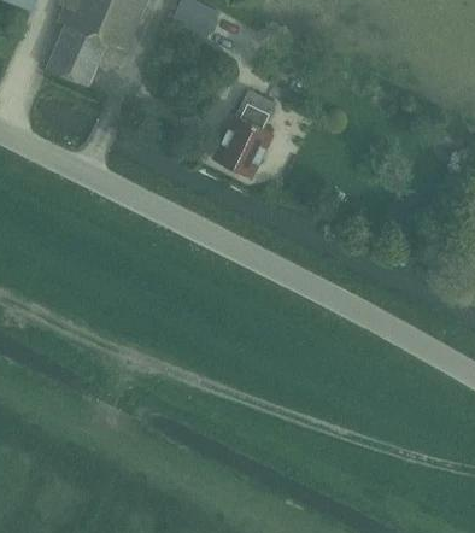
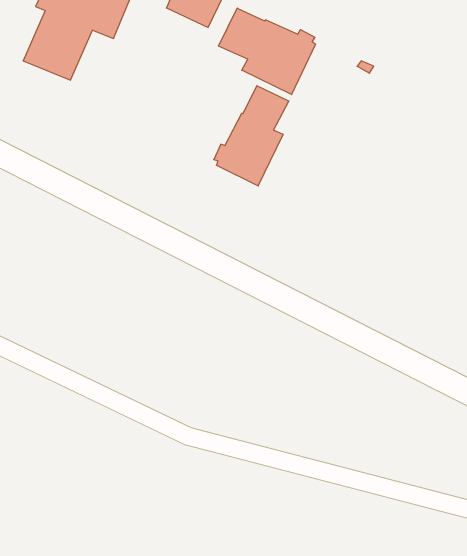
building: none -> [218,8,316,95]

